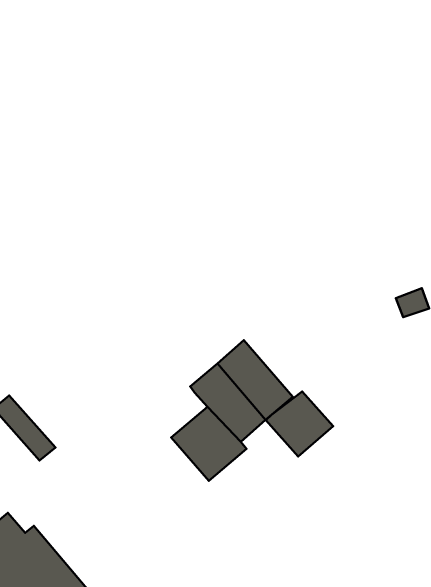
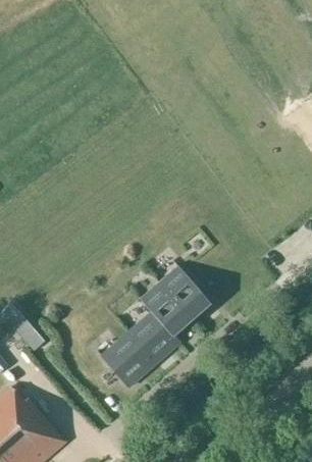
building: [266,391,333,456] -> none
building: none -> [101,335,152,388]

